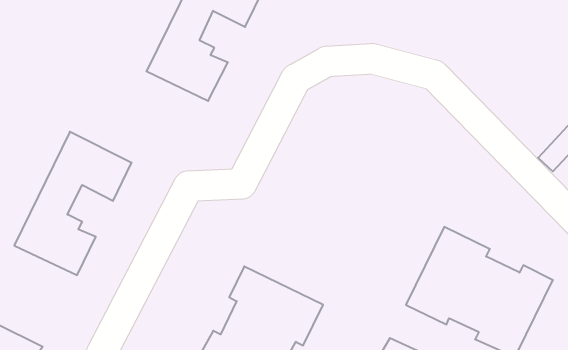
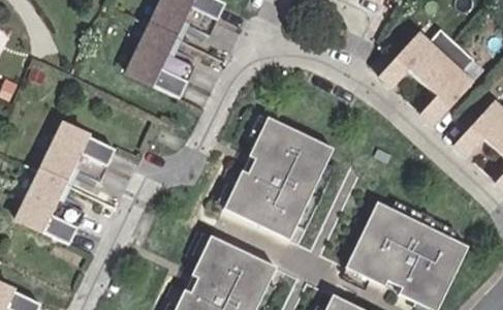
building: none -> [379,29,474,125]
building: none -> [222,117,333,241]

